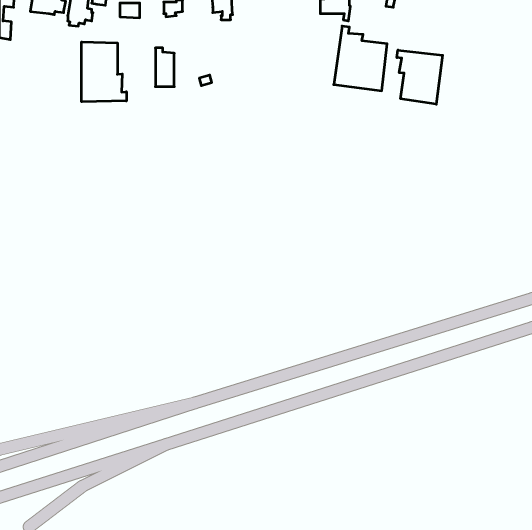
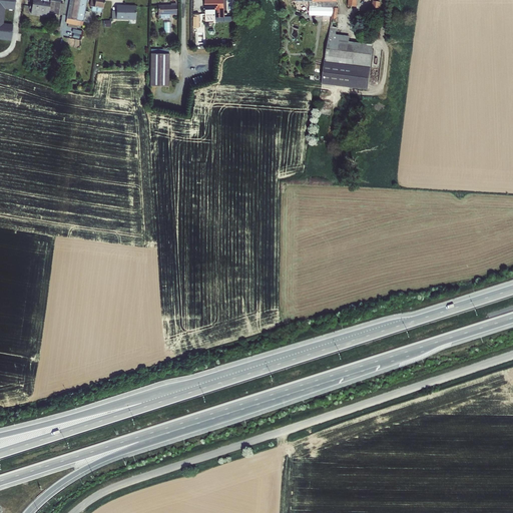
building: [82,42,126,102] -> none
building: [397,50,443,104] -> none

